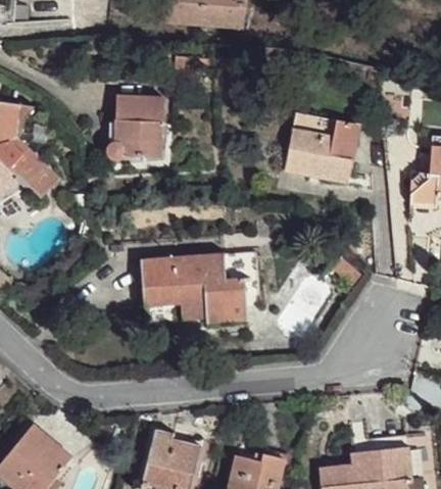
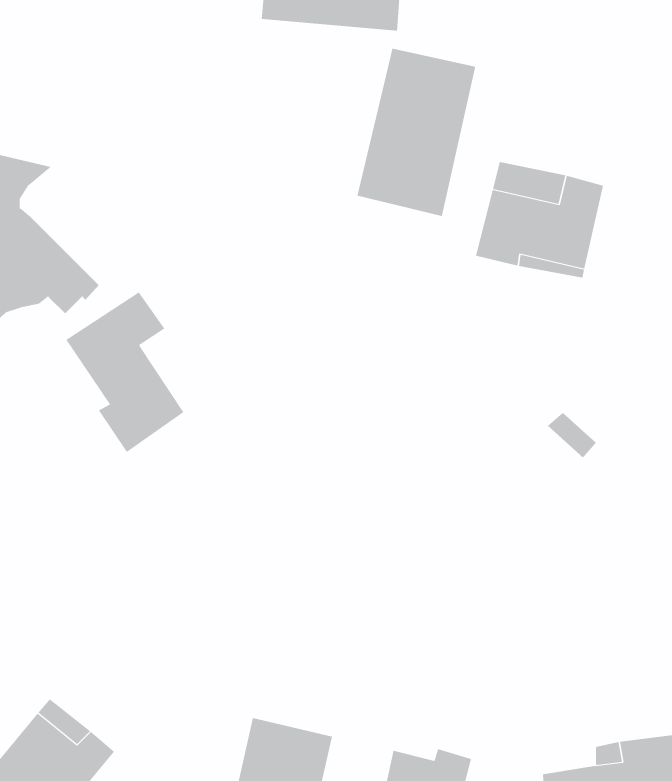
building: none -> [357,48,476,217]
building: [110,98,161,158] -> none
building: none -> [66,292,184,453]
building: [139,254,248,321] -> none

